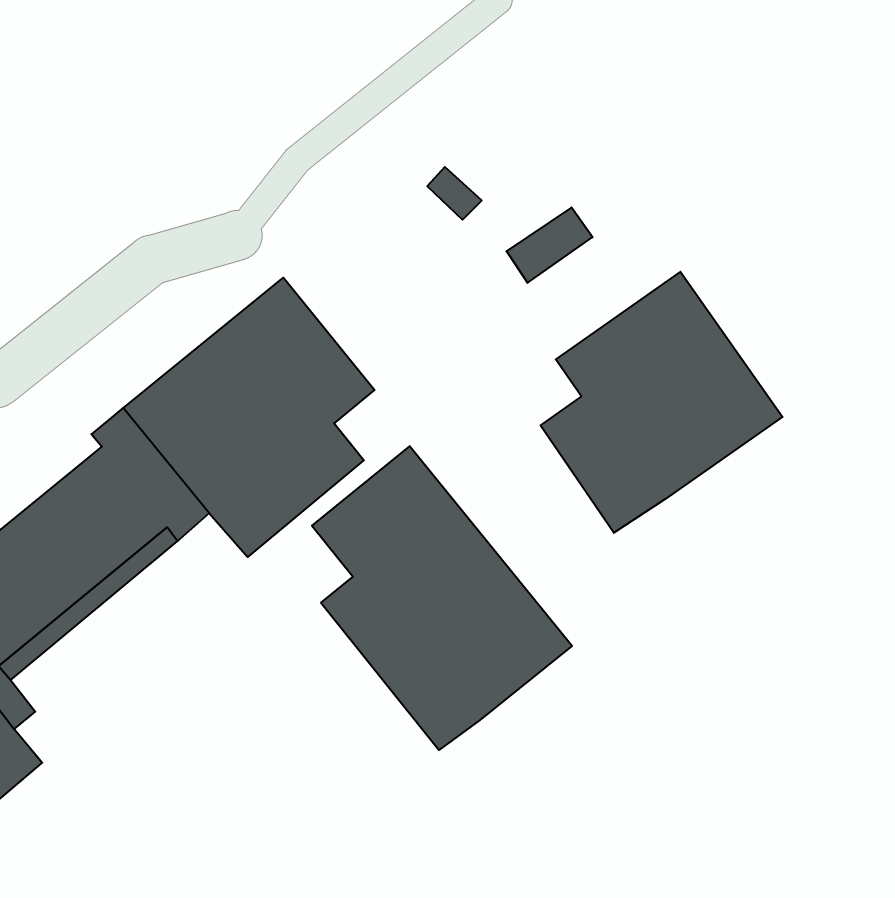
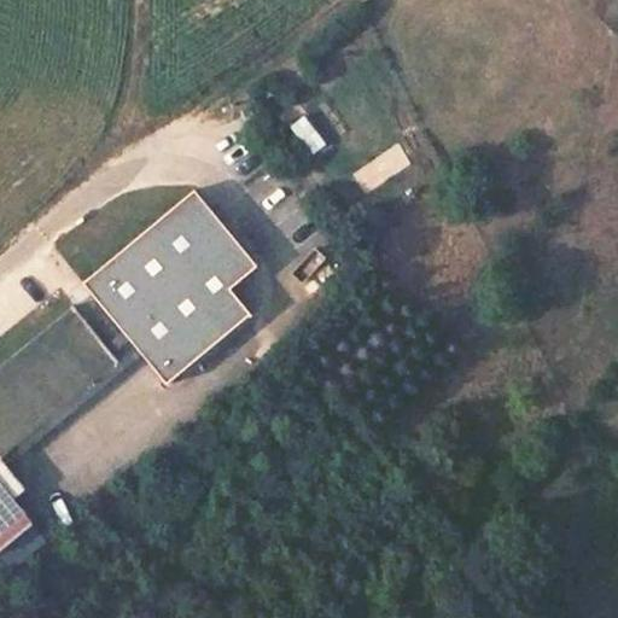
building: [541,272,783,533] -> none
building: [312,446,572,750] -> none

